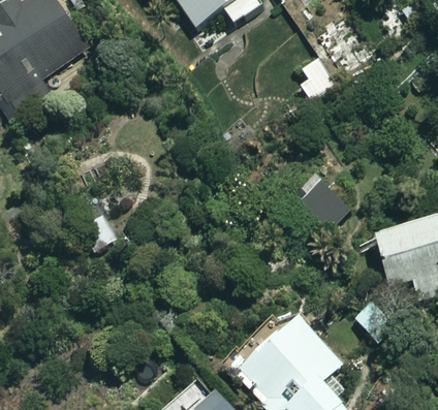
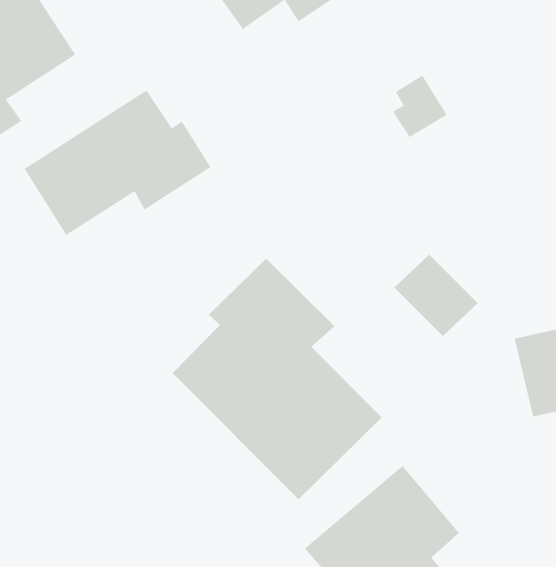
building: none -> [24,90,211,236]
building: none -> [172,258,383,500]

